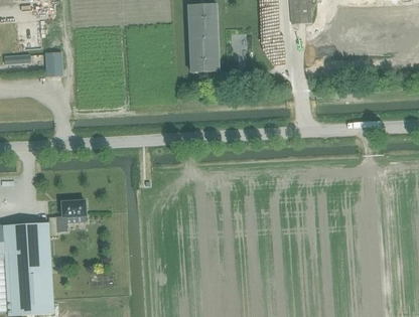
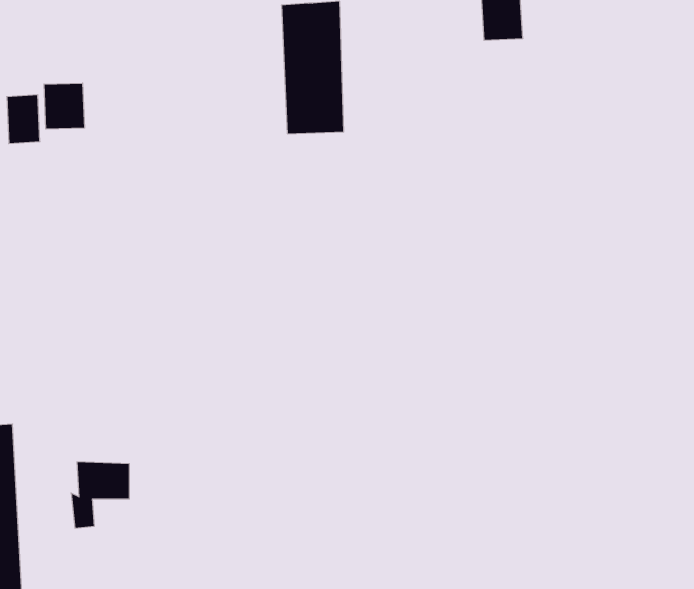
building: none -> [44,83,84,129]
building: [55,200,86,234] -> [71,462,129,528]

